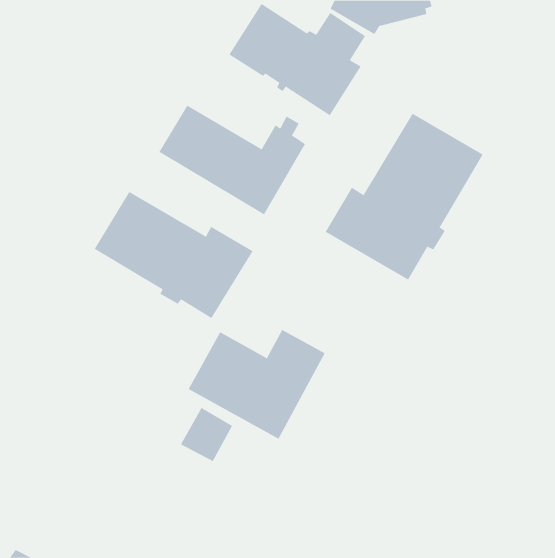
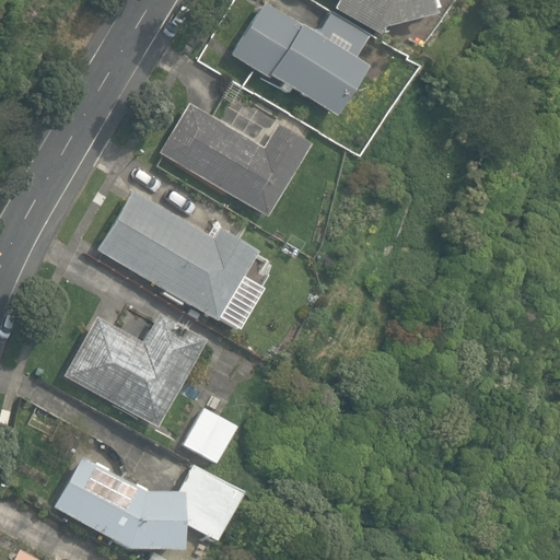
building: [325,113,483,281] -> none
building: [188,329,326,439] -> [66,315,203,425]
building: none -> [55,457,243,547]

